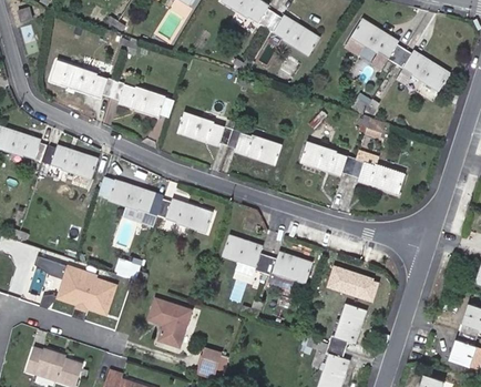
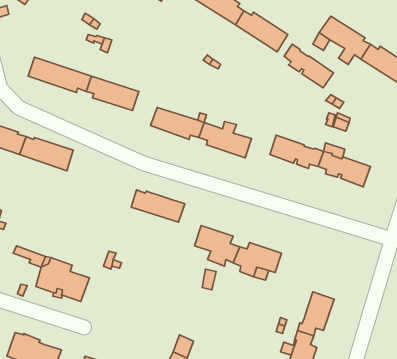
building: none -> [284,44,334,88]
building: [109,180,163,216] -> none
building: [327,266,380,301] -> none
building: [149,298,193,347] -> none

